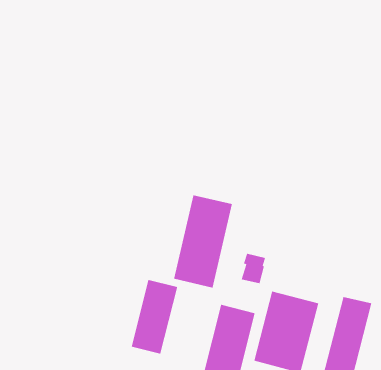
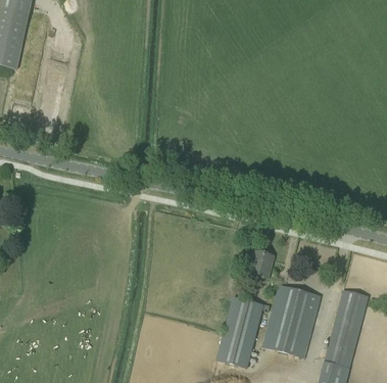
building: [173,195,233,288] -> none
building: [131,279,178,354] -> none

